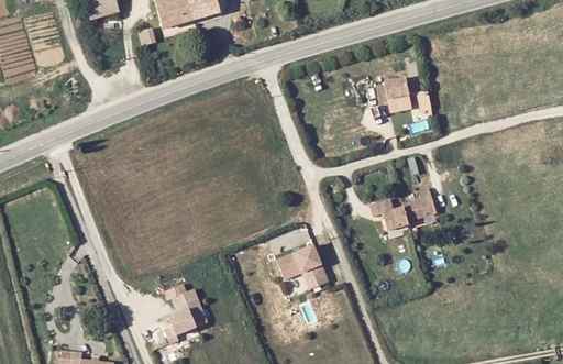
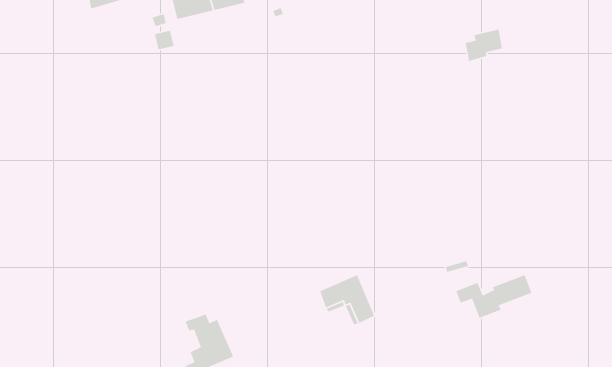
building: [384,78,417,107] -> [465,29,503,62]
building: [364,190,431,229] -> [455,274,533,319]

